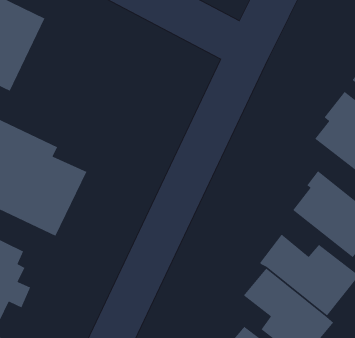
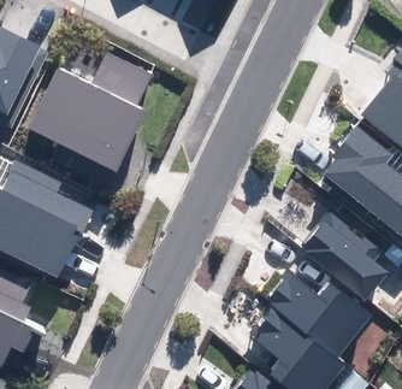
building: none -> [30,54,150,173]

